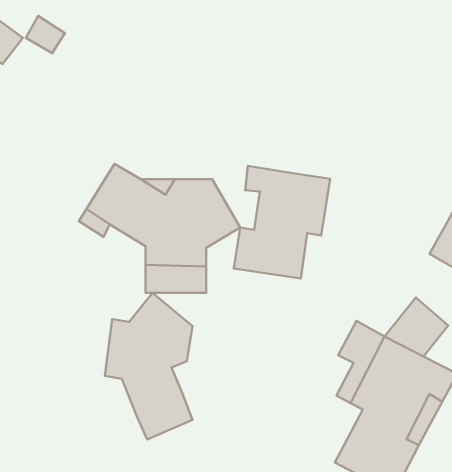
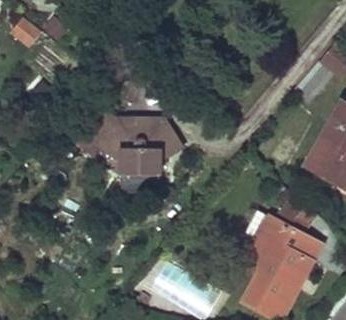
building: [234,166,330,278] -> none
building: [105,293,192,439] -> none

